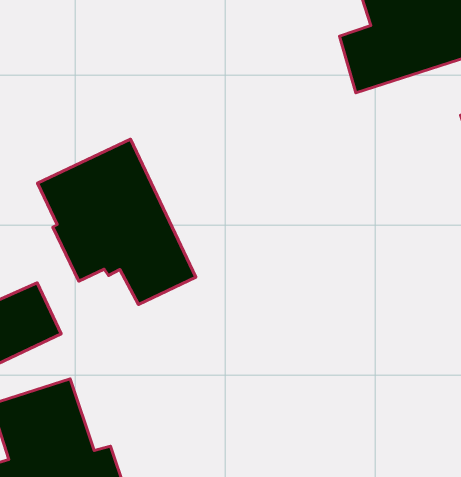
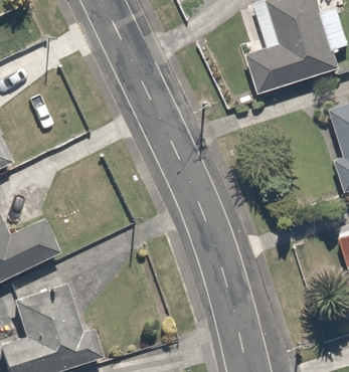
building: [38,139,196,305] -> none

